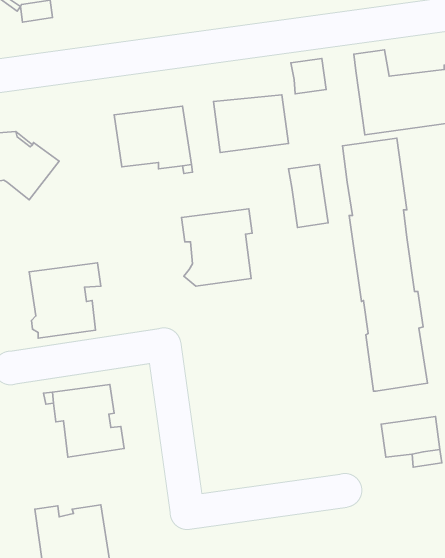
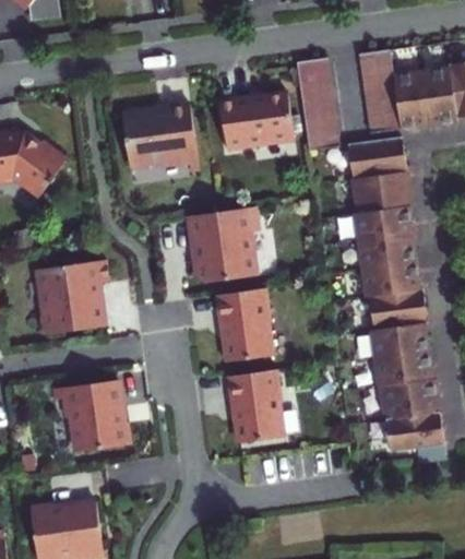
building: [289,164,328,227] -> [300,88,339,151]
building: none -> [215,287,273,361]
building: none -> [227,369,282,443]
building: none -> [380,379,439,419]

